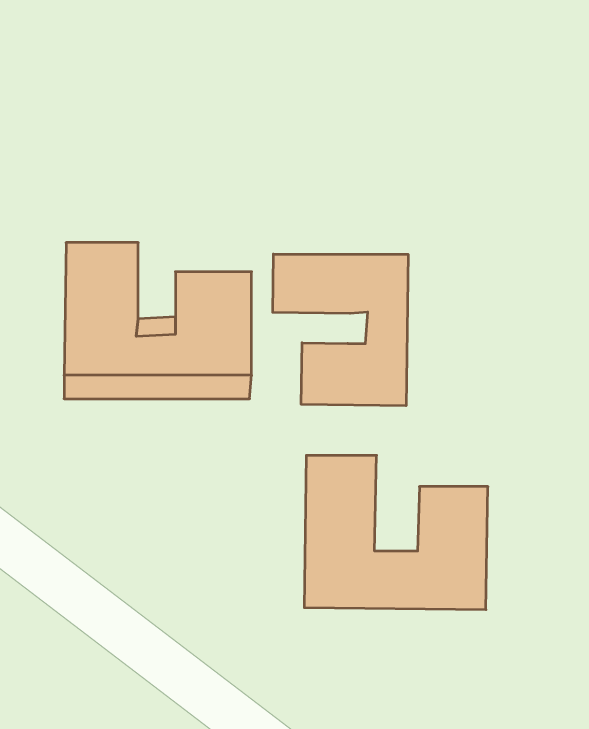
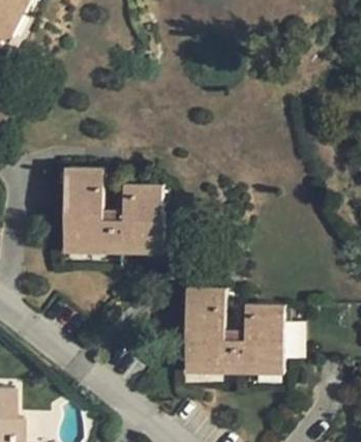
building: [273,254,408,406] -> none

